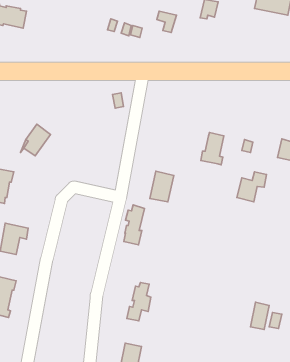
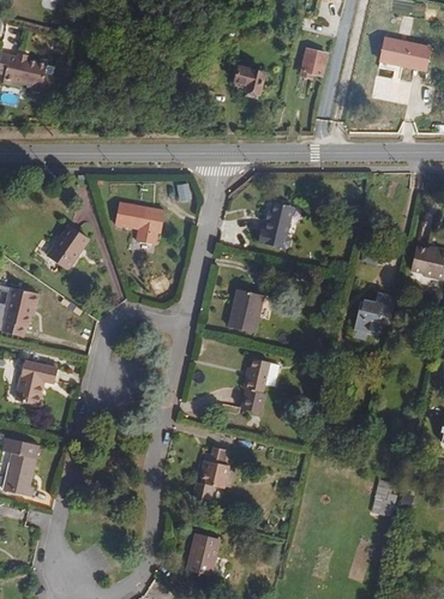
building: none -> [116,202,164,244]
building: [201,132,224,165] -> [260,200,293,246]
building: [124,205,144,245] -> [240,353,269,409]

